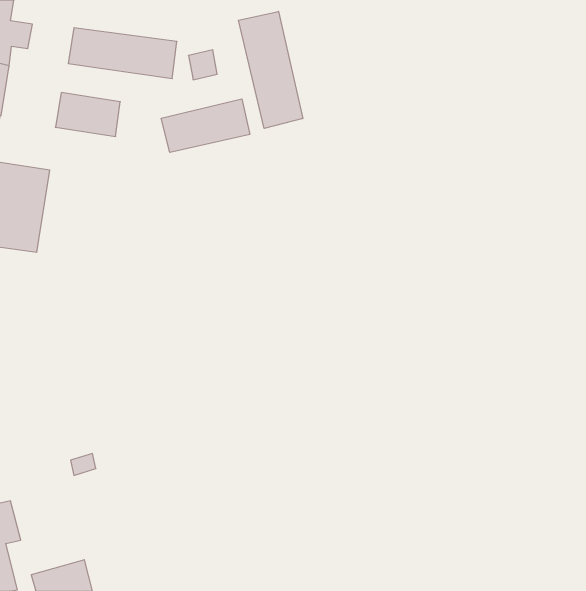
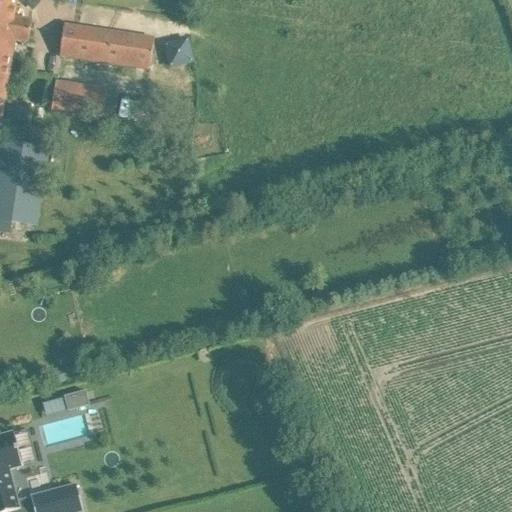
building: [238,11,303,128] -> none
building: [161,99,250,152] -> none

